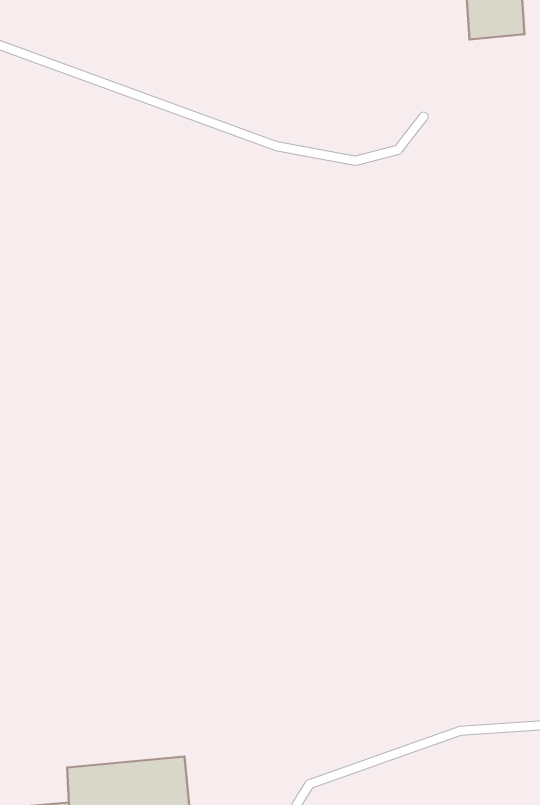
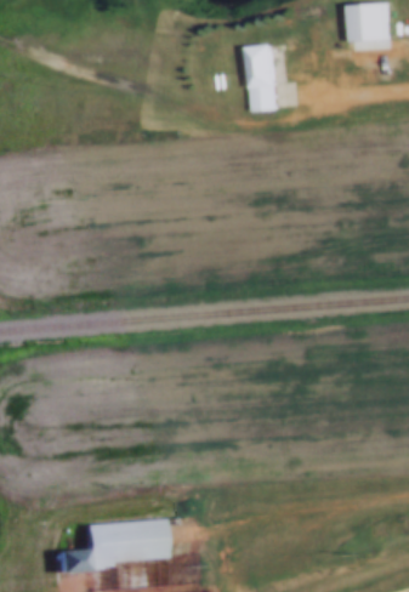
building: none -> [249,45,280,112]

